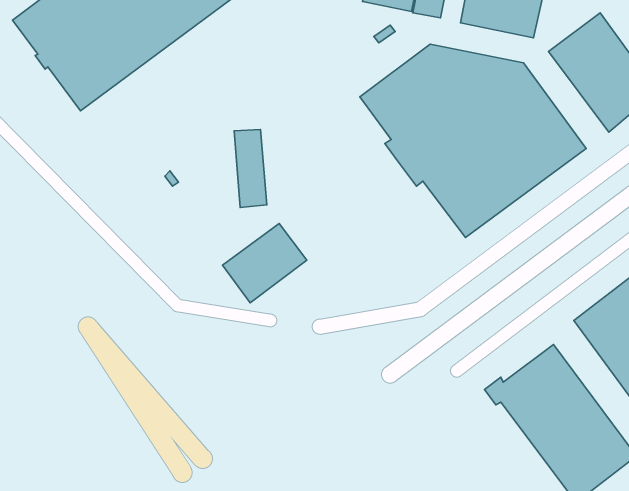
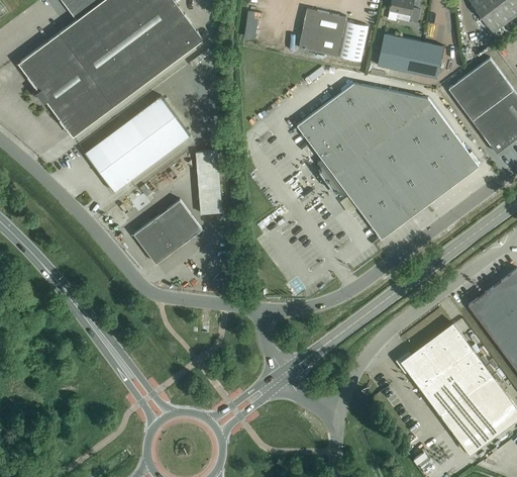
building: none -> [85,96,190,192]
building: [222,224,307,303] -> [134,200,202,264]

